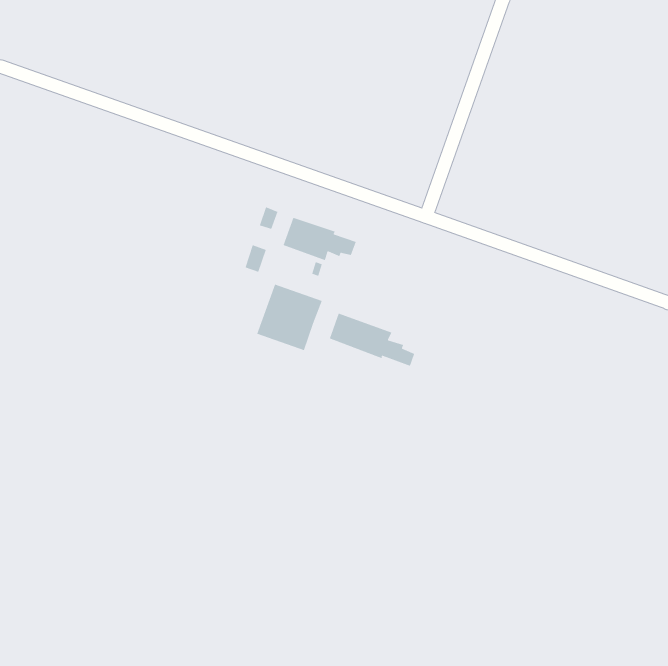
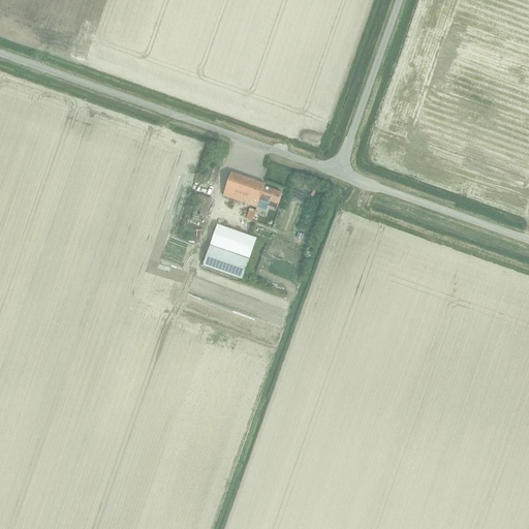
building: [329,313,415,367] -> none

